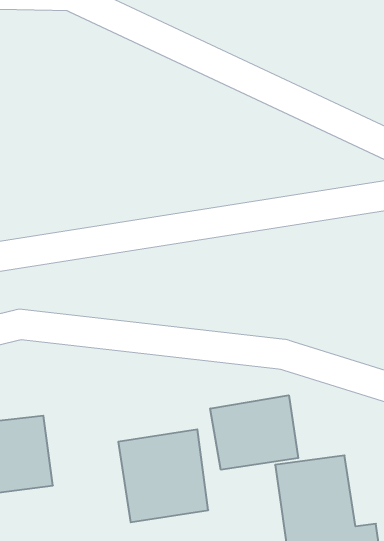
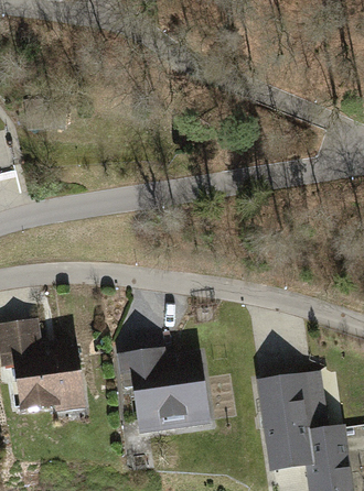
building: [210,395,298,470] -> none

